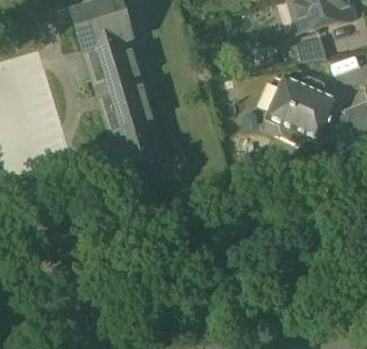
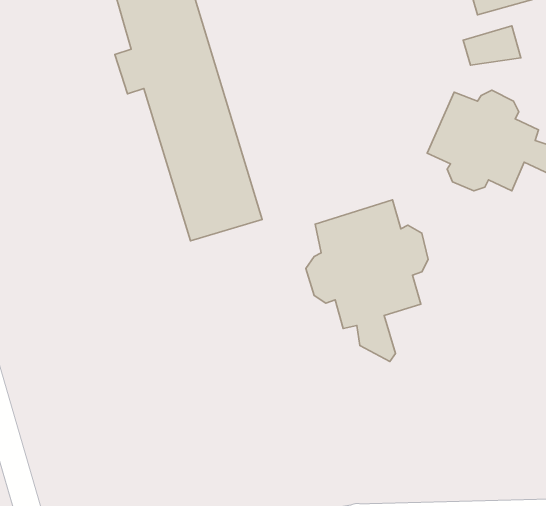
building: none -> [306,200,428,361]

